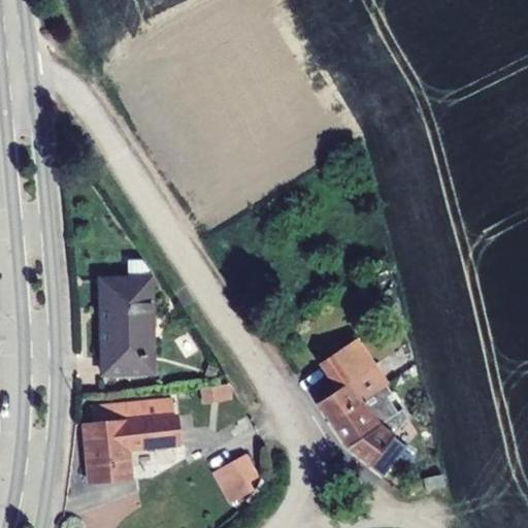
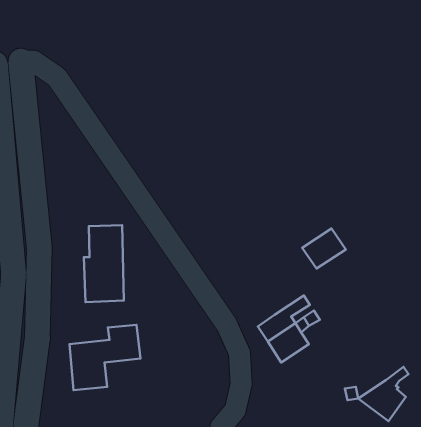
building: [321,338,374,388] -> [302,228,346,269]
building: [346,407,408,474] -> [358,367,408,421]
building: [205,457,253,505] -> none

